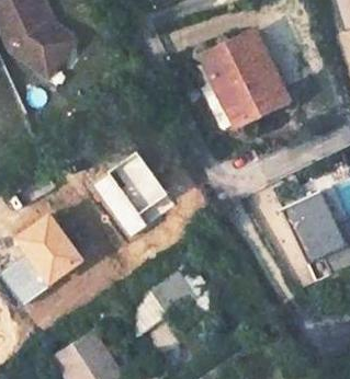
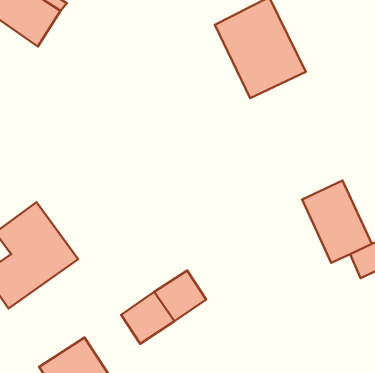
building: [98,151,170,236] -> none

